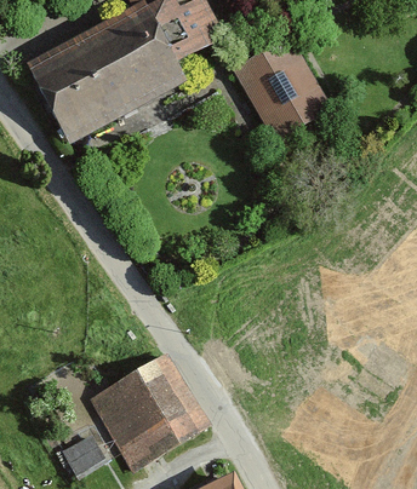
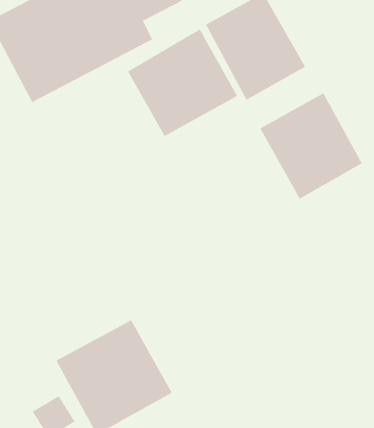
building: none -> [127,29,238,137]
building: none -> [259,93,363,200]

